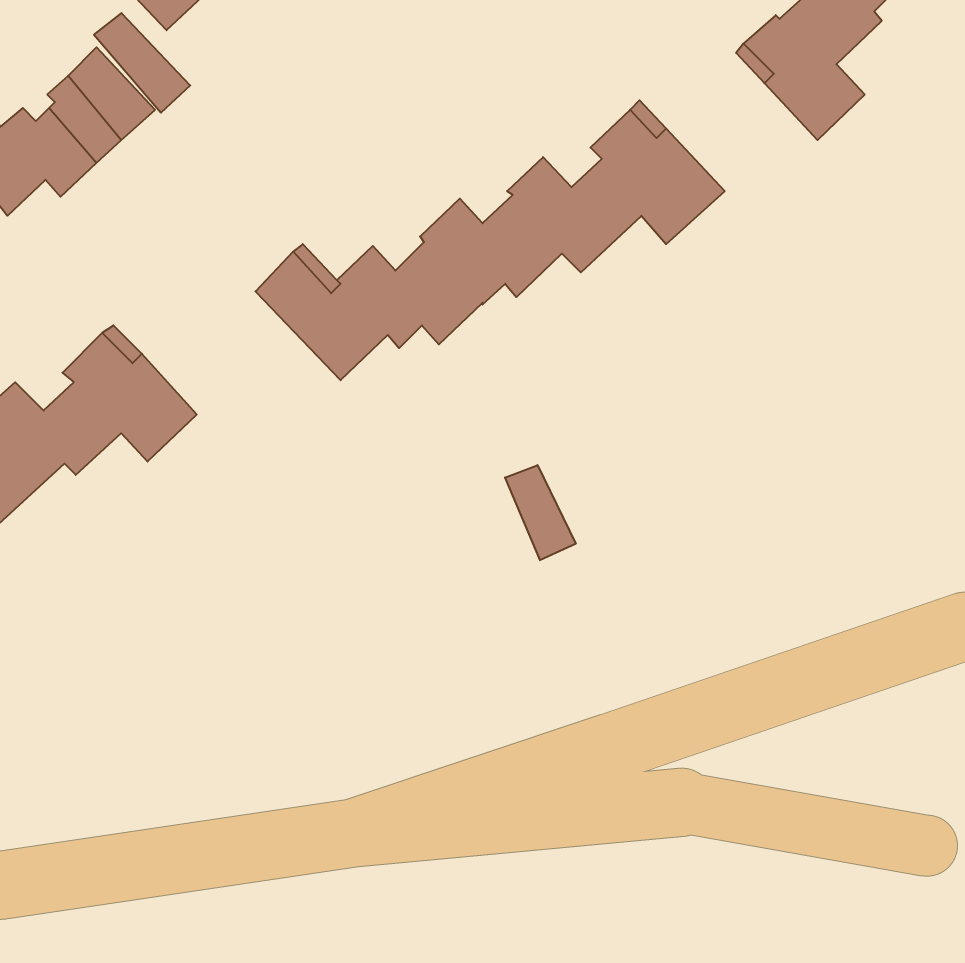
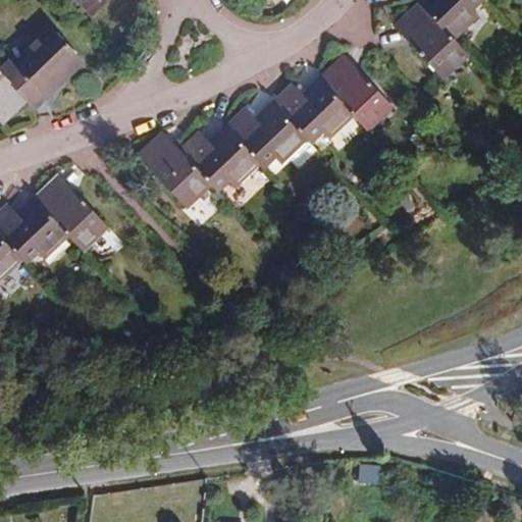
building: [94,13,190,113] -> none
building: [505,465,576,560] -> none

